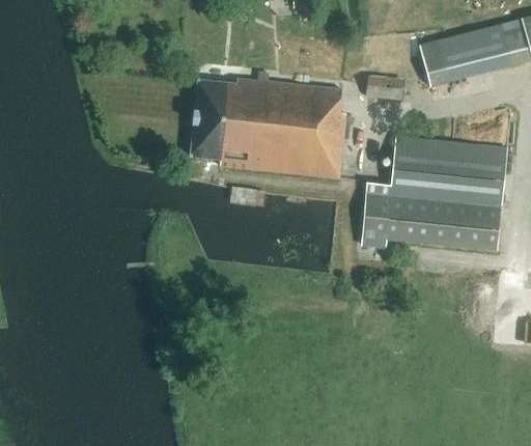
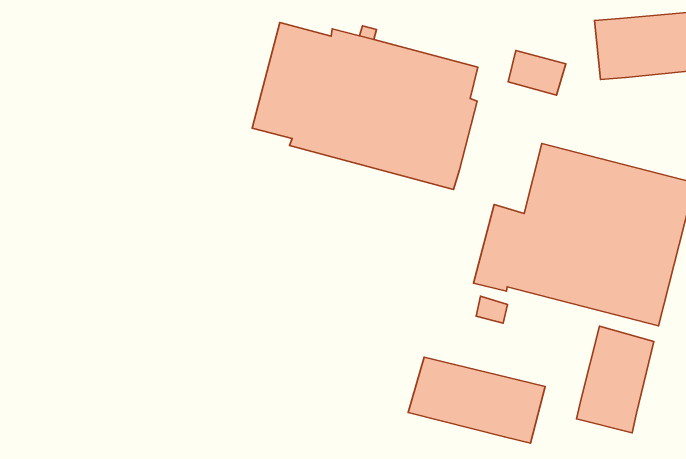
building: none -> [576,326,654,433]
building: none -> [408,357,545,443]

